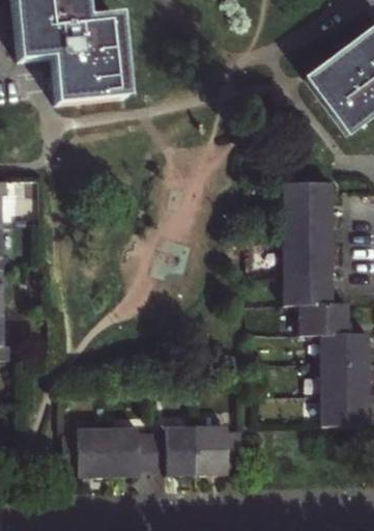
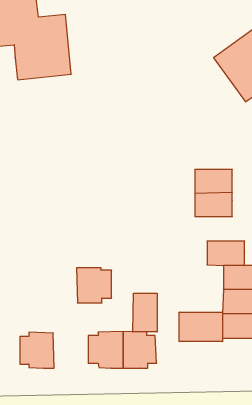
building: [284,188,332,216] -> none
building: [284,276,332,307] -> none
building: none -> [133,293,157,332]
building: none -> [179,312,223,342]
building: [104,424,148,469] -> [77,268,112,303]

